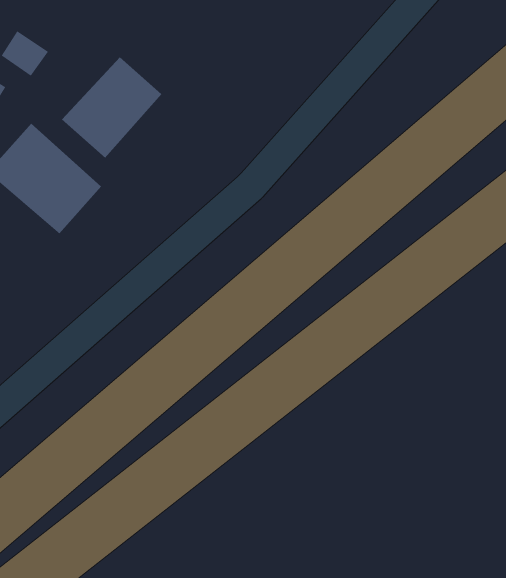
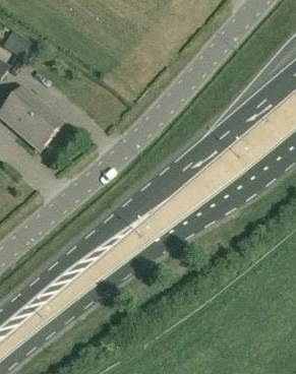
building: [61,56,162,159] -> none

